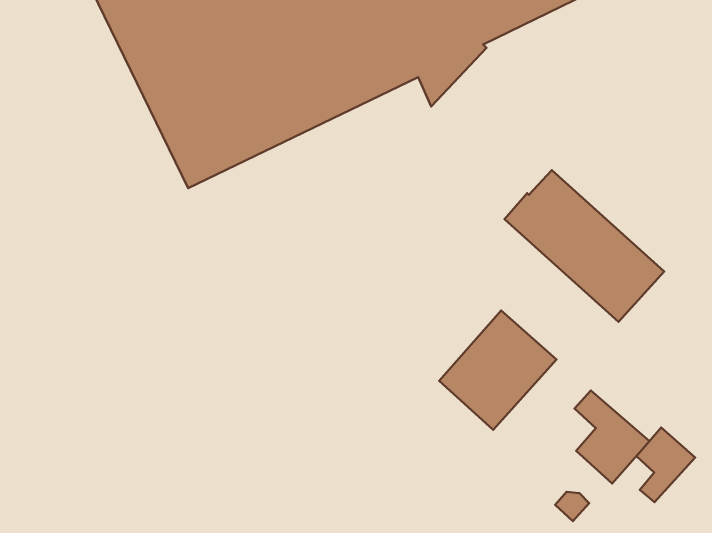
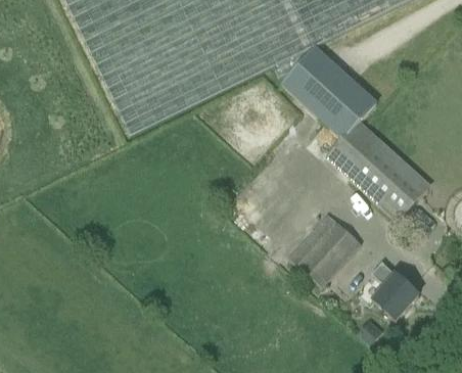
building: none -> [282,46,377,138]
building: [637,428,695,502] -> none

